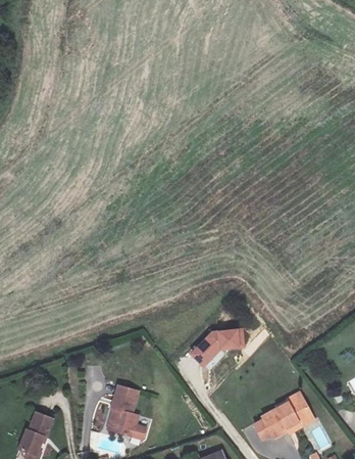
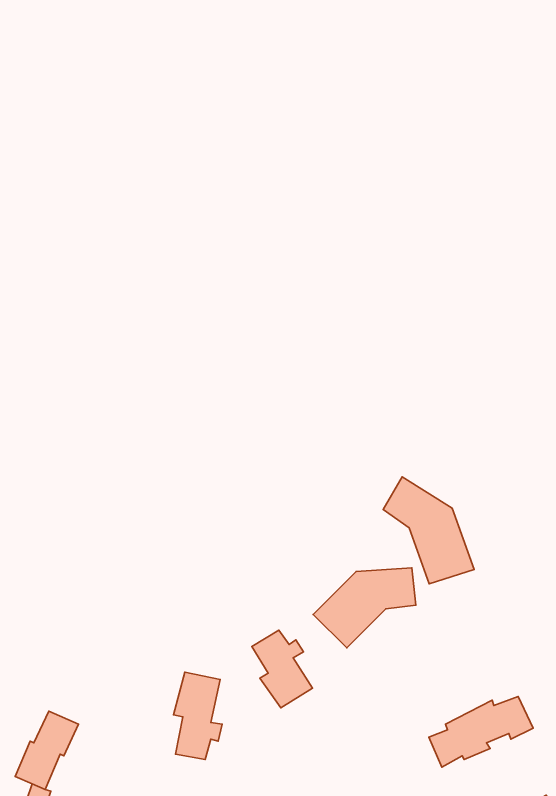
building: none -> [383,477,474,584]
building: none -> [252,630,312,708]

